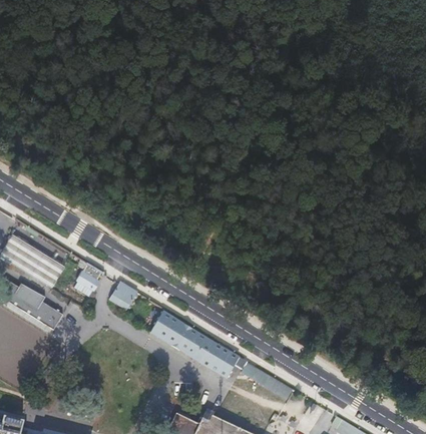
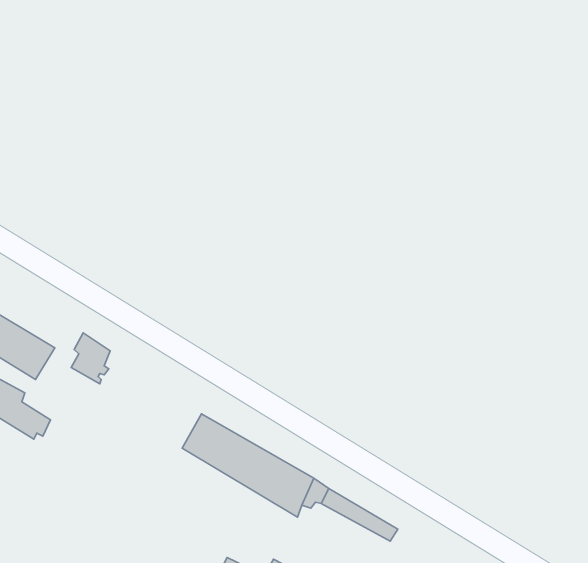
building: [106,281,137,313] -> none

